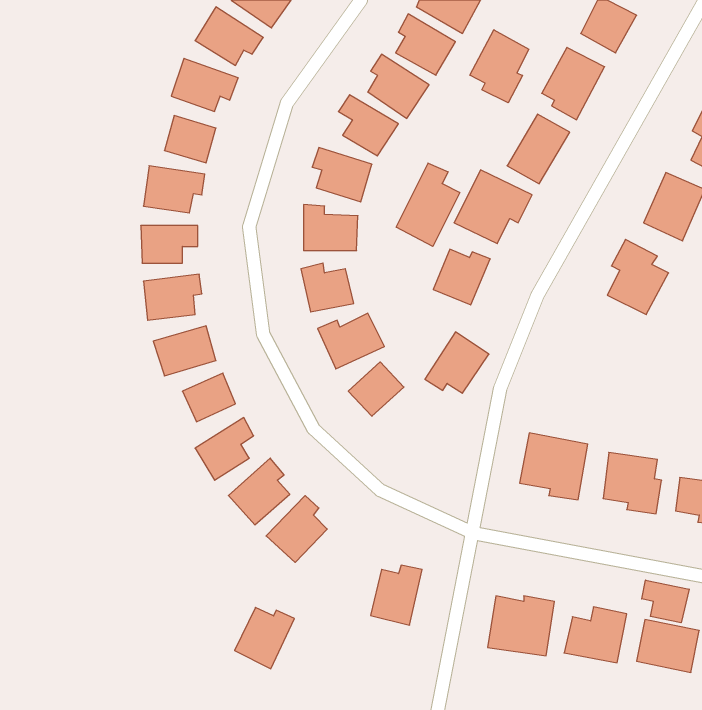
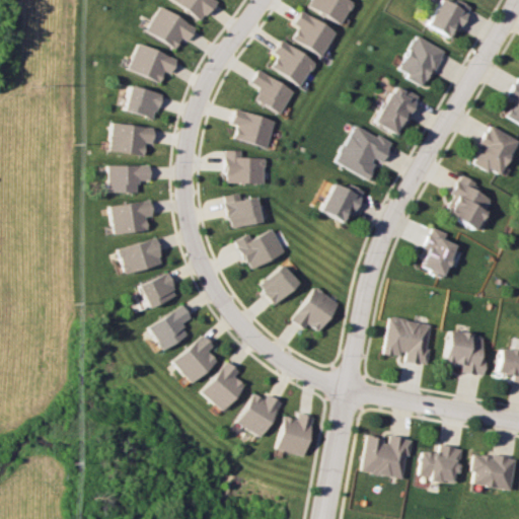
building: [470,30,529,103] -> none
building: [396,163,460,246] -> none
building: none -> [421,227,457,276]
building: [425,332,489,393] -> [294,287,341,331]
building: [642,580,689,623] -> none
building: [235,607,294,669] -> [237,392,281,437]

